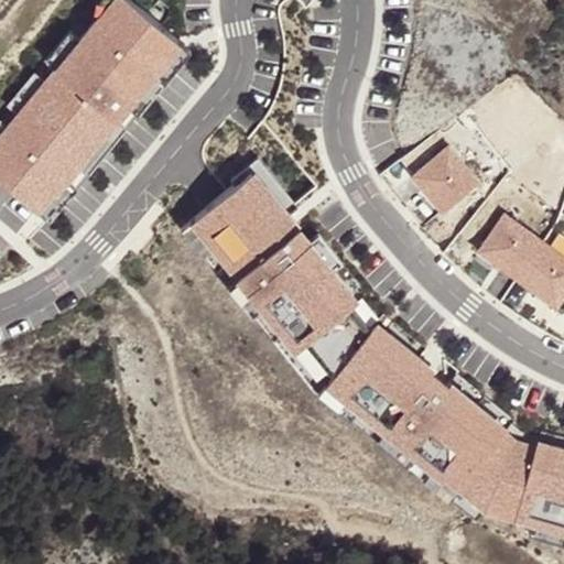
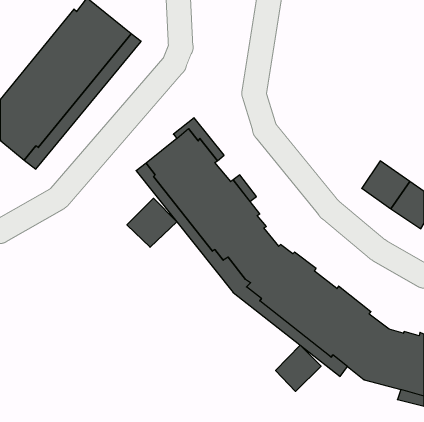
building: [415,145,480,210] -> none
building: none -> [127,198,177,247]
building: none -> [276,345,321,391]

